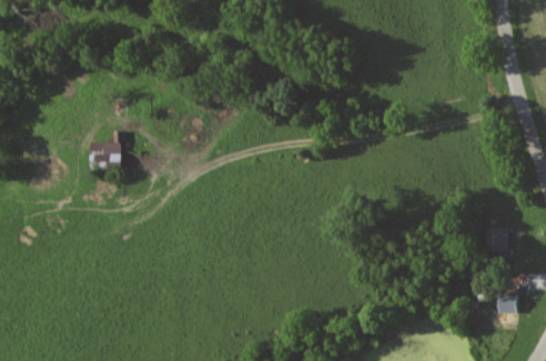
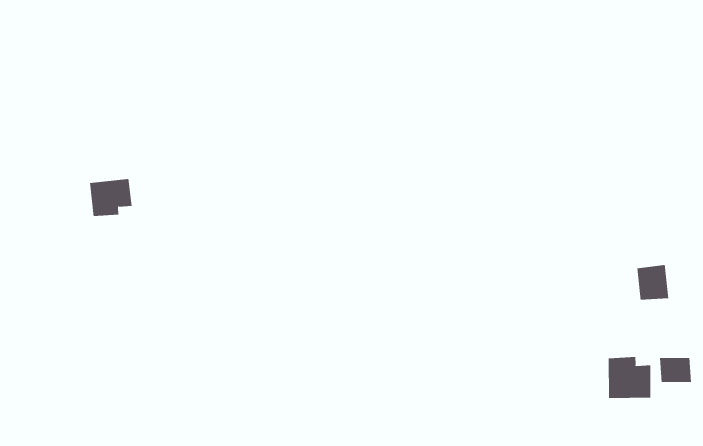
building: none -> [608,356,651,399]

